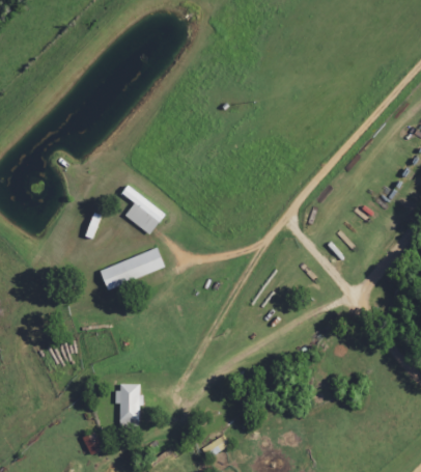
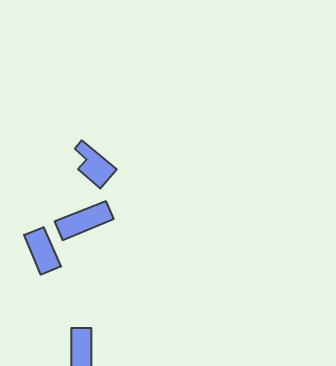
building: none -> [24,227,61,275]

